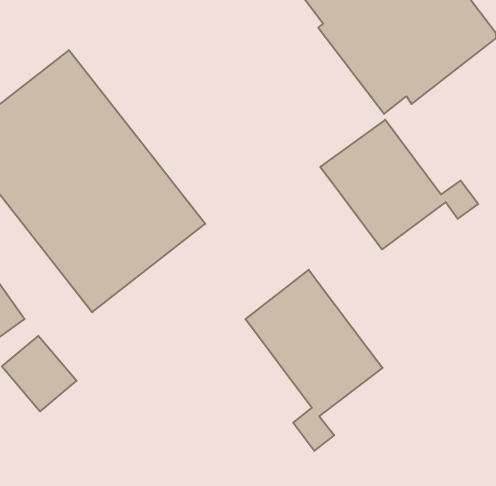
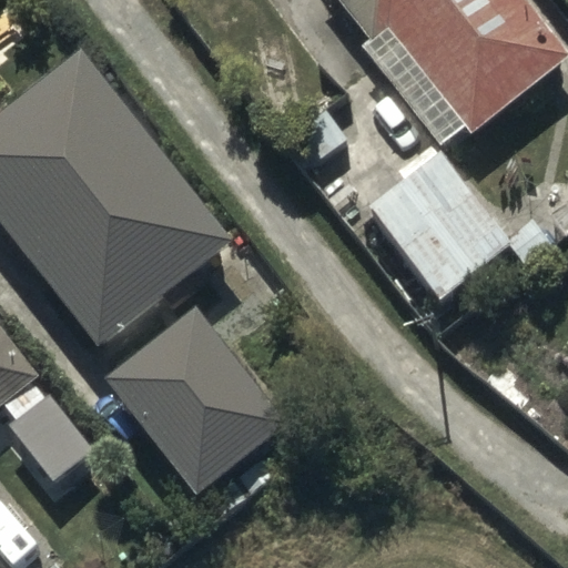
building: [245,270,383,451] -> none
building: none -> [108,316,286,498]

